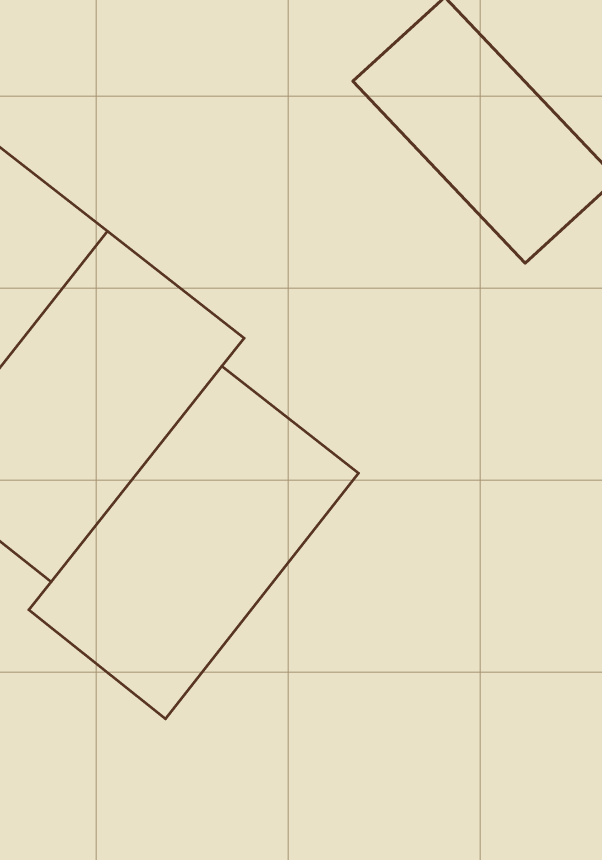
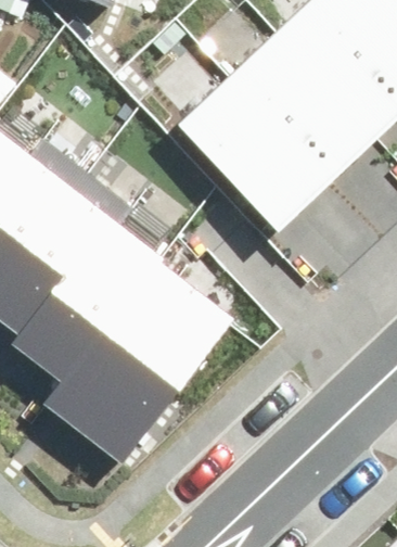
building: none -> [171,85,324,240]

